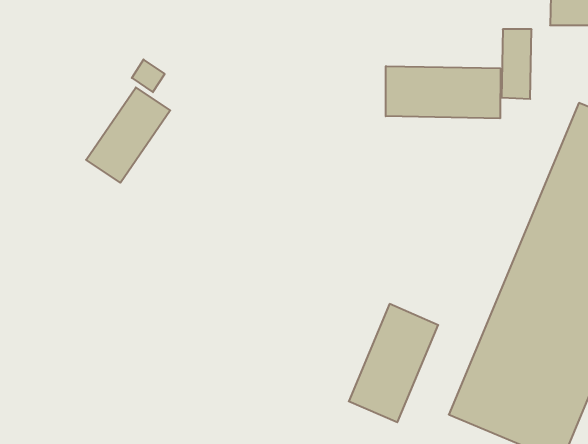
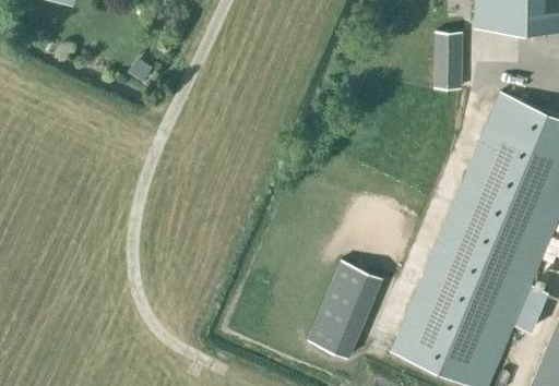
building: [386,66,500,118] -> none
building: [86,87,170,183] -> none

